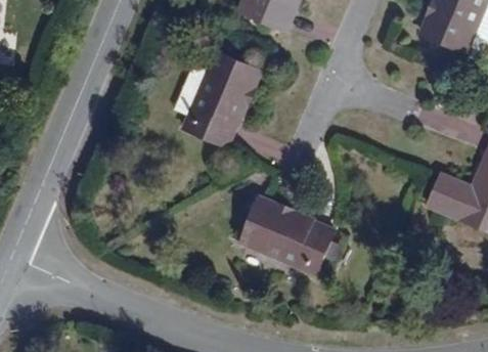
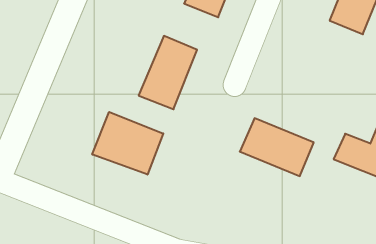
building: none -> [92,112,163,175]
building: [237,211,330,283] -> [240,118,314,176]

